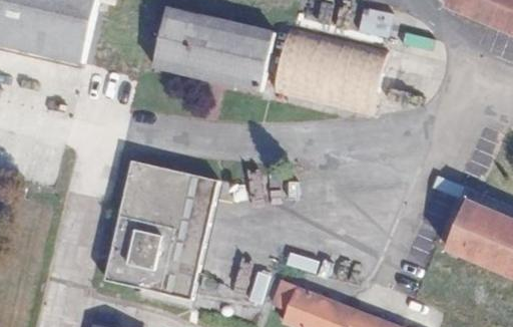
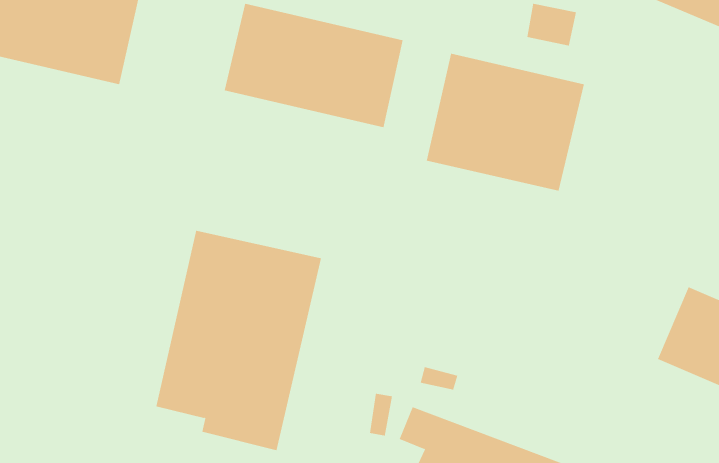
building: none -> [426,53,585,192]

